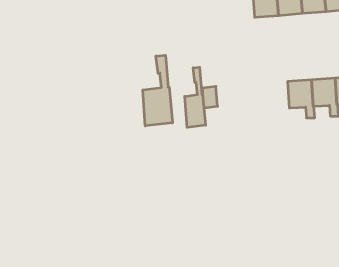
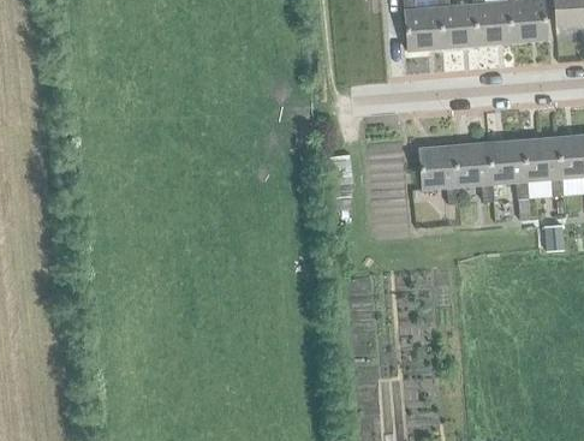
building: [143,55,172,126] -> none
building: [185,67,206,127] -> none
building: none -> [418,145,459,202]

